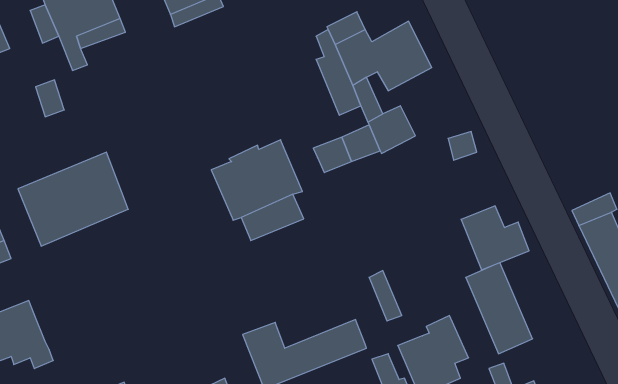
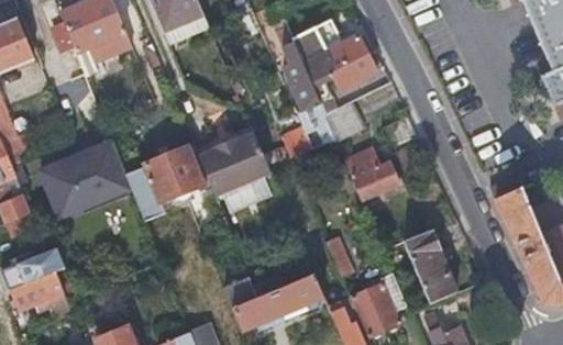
building: none -> [125,146,206,221]
building: [461,206,529,270] -> [343,148,398,200]

